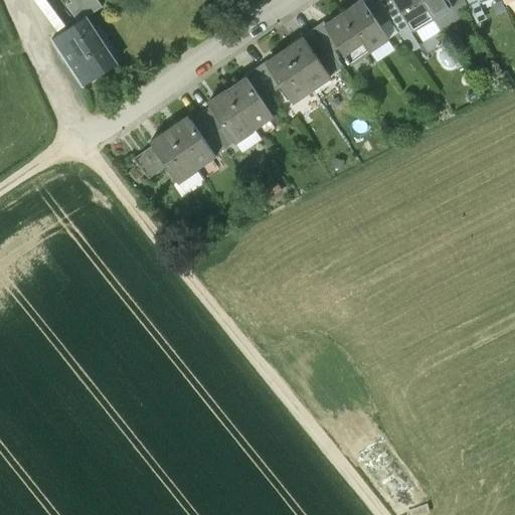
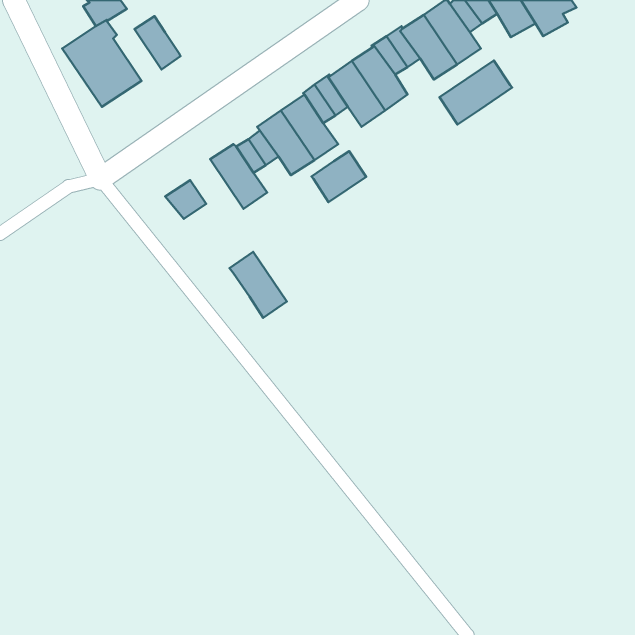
building: none -> [135,16,180,70]
building: none -> [439,60,512,124]
building: none -> [312,151,366,202]
building: [151,129,197,182] -> [230,252,287,318]

